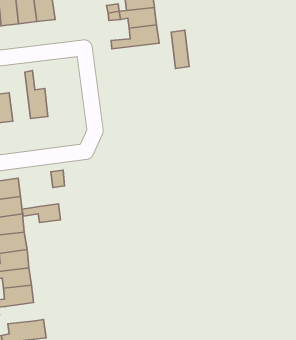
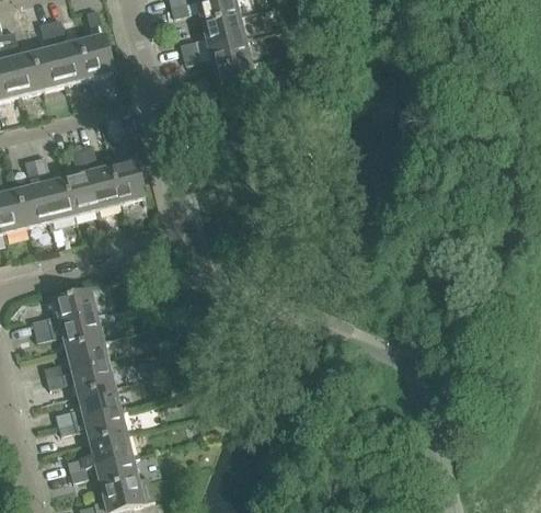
building: [171,30,189,69] -> none
building: none -> [112,135,145,203]
building: none -> [65,147,97,215]
building: [22,204,61,223] -> none
building: none -> [95,455,138,488]

